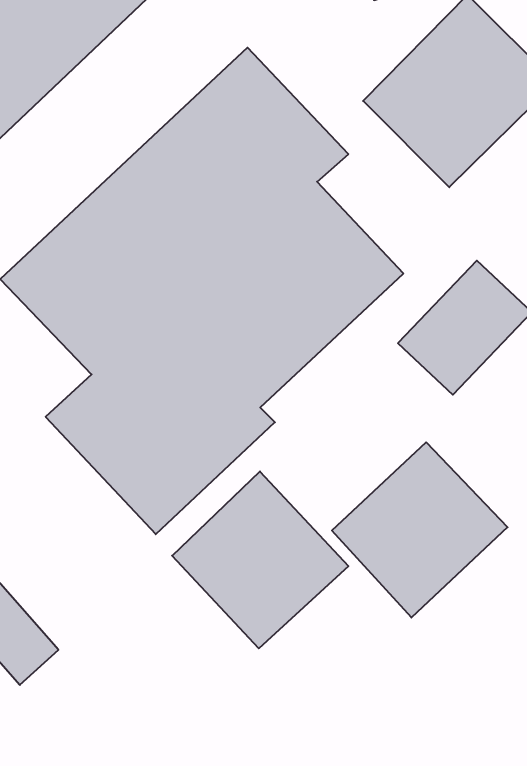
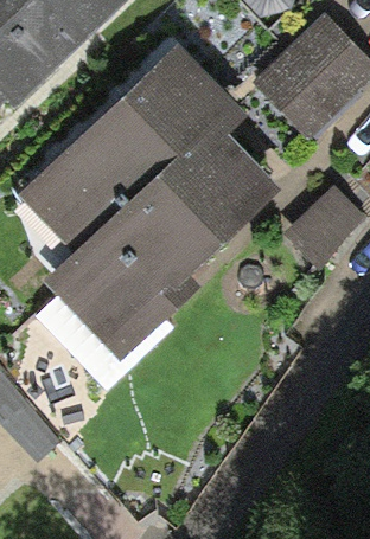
building: [332,442,508,618] -> none
building: [172,471,348,648] -> none

